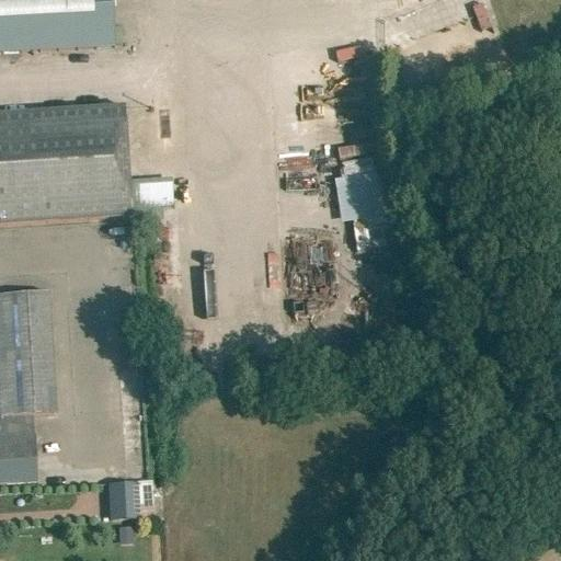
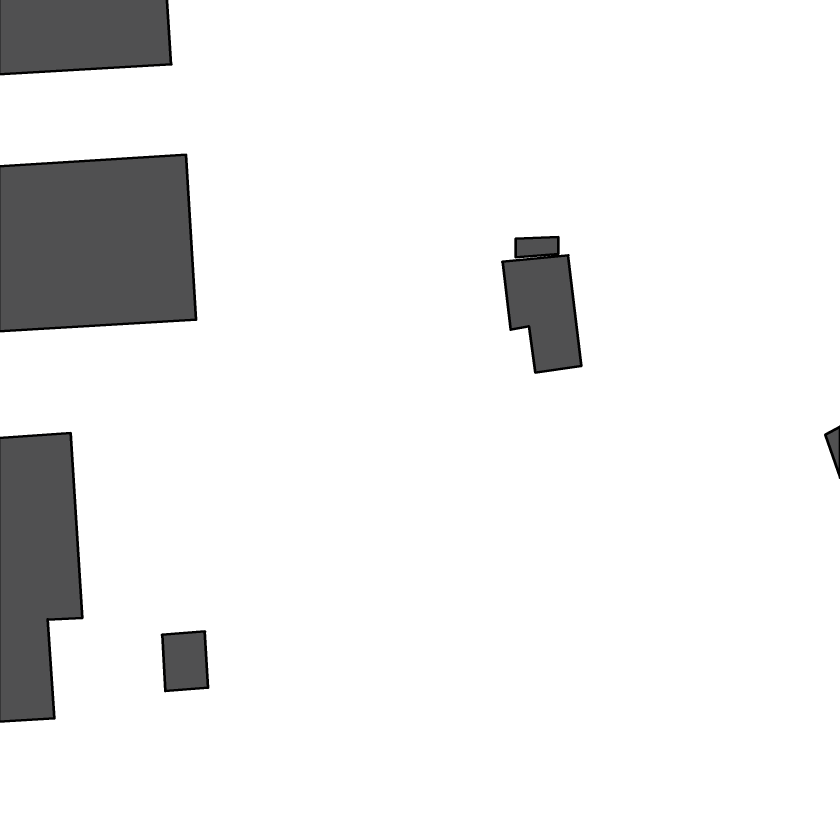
building: [107,479,138,518] -> [162,632,208,691]

